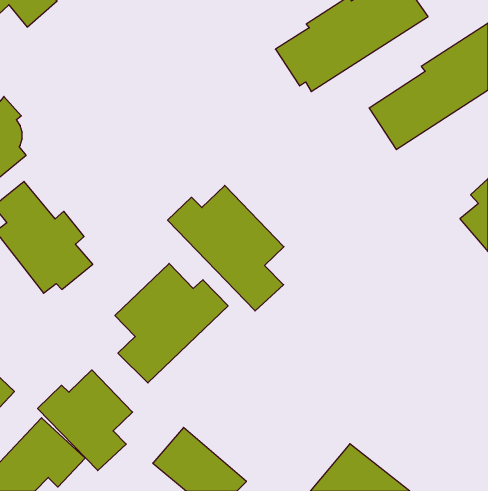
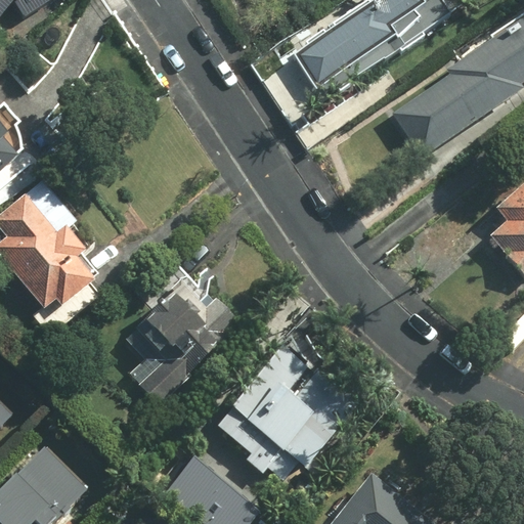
building: [168,185,284,311] -> none
building: none -> [217,346,360,481]
building: [38,370,133,471] -> none

